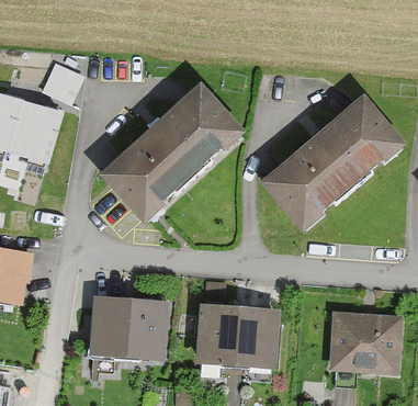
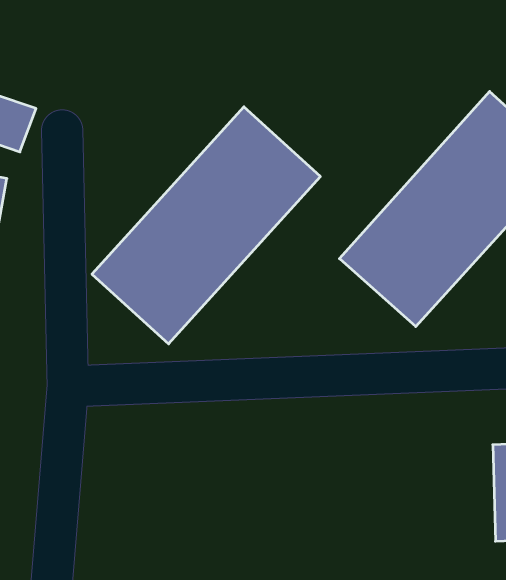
building: [91,300,168,361] -> none
building: [201,308,280,370] -> none

